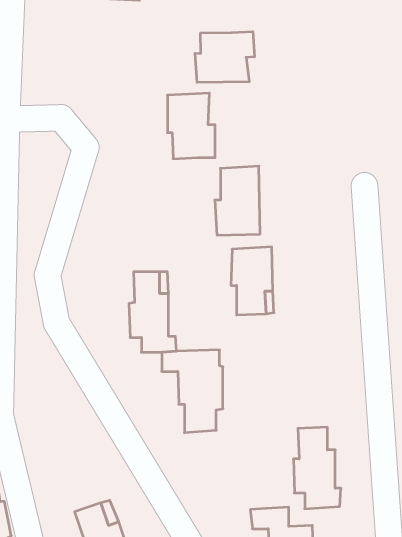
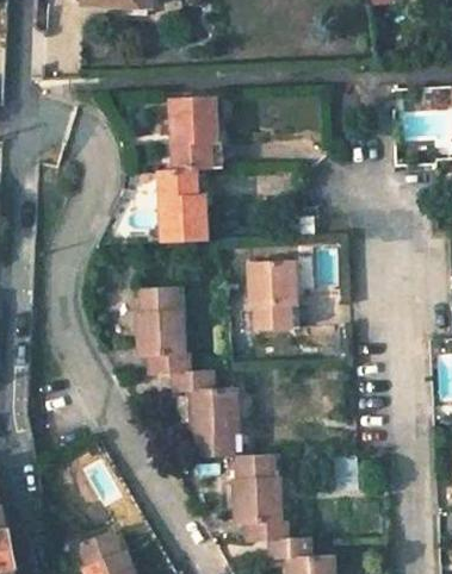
building: [195,32,254,82] -> none
building: [215,166,260,235] -> [166,169,213,242]
building: [293,427,341,509] -> [235,455,285,541]

